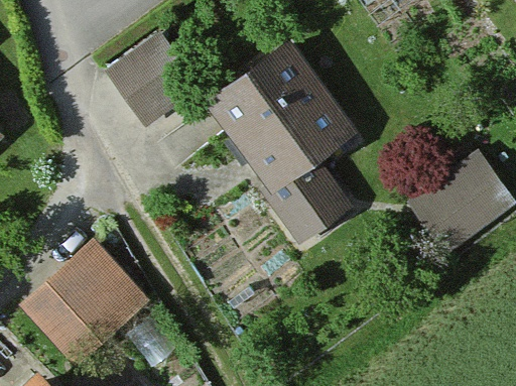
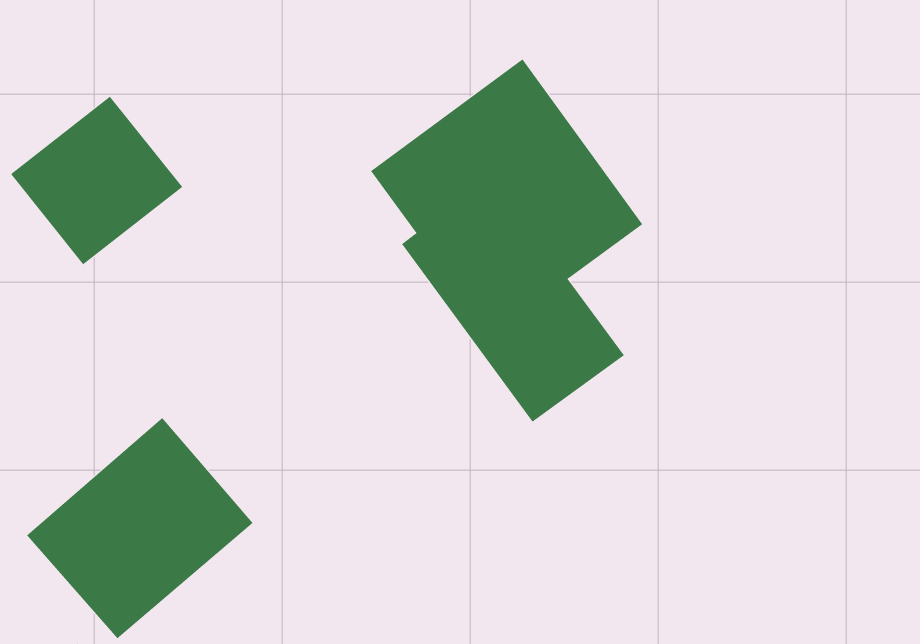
building: [108,32,204,126] -> [10,96,183,265]
building: [408,156,502,254] -> none

